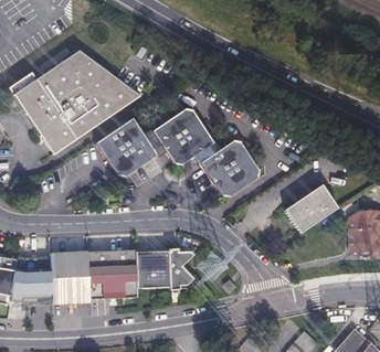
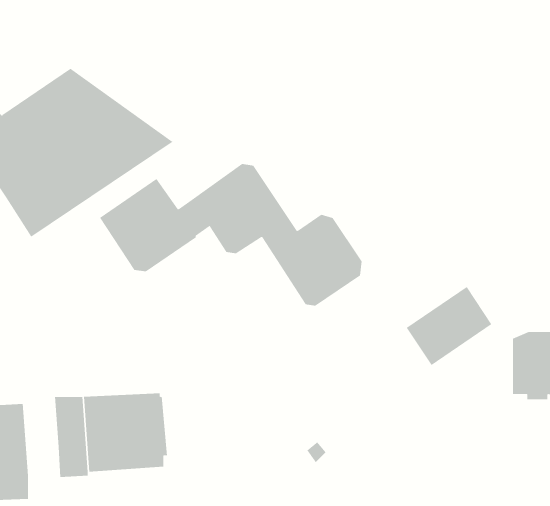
building: [135,246,192,287] -> none
building: [50,249,72,300] -> none

